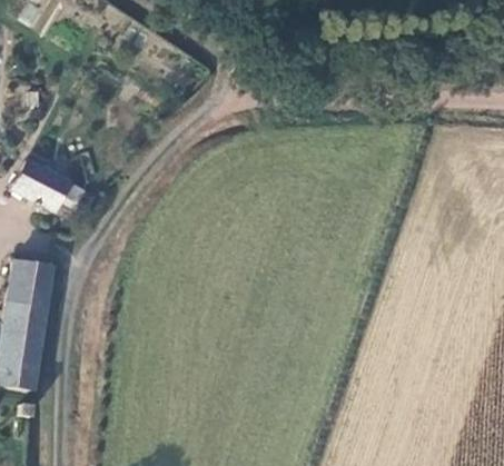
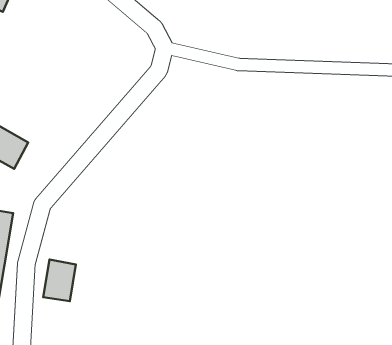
building: none -> [43,260,76,301]

